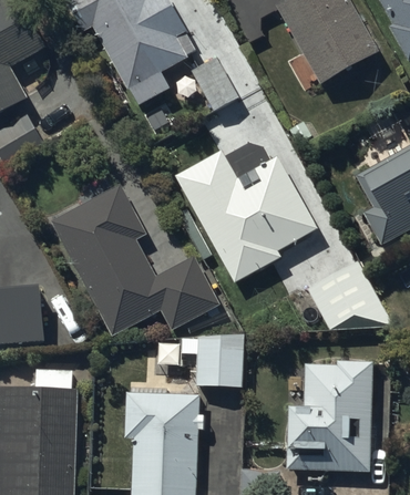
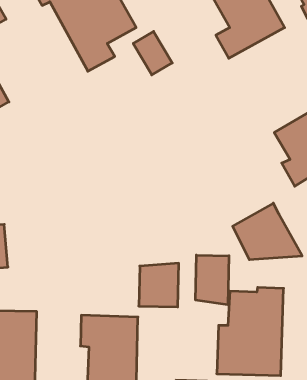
building: [184,142,308,275] -> none
building: [57,192,216,331] -> none
building: none -> [196,255,229,305]

